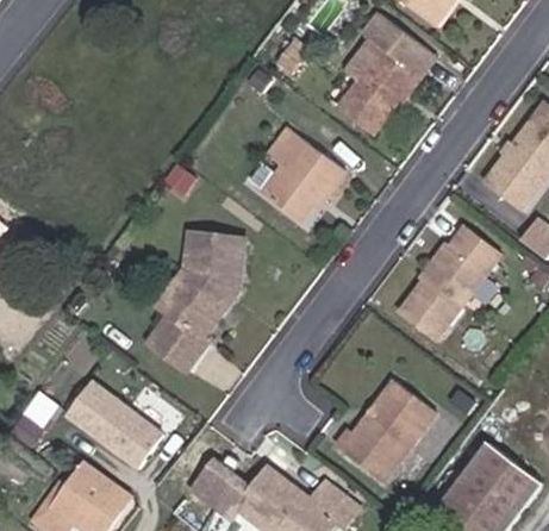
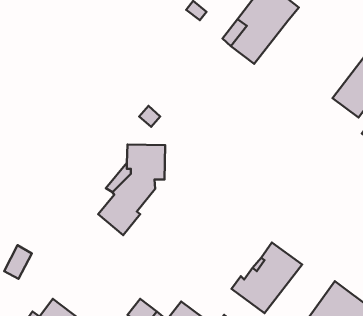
building: [262,125,343,220] -> none
building: [398,224,500,339] -> none
building: [64,377,162,466] -> none

